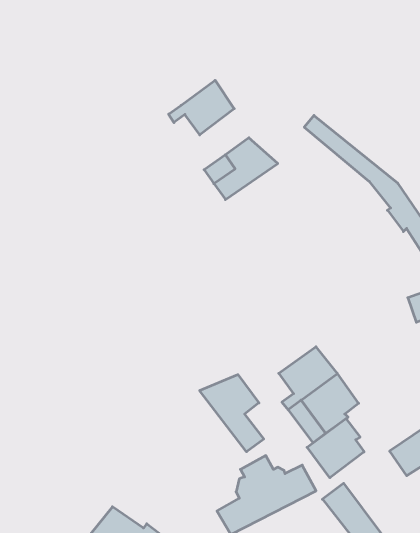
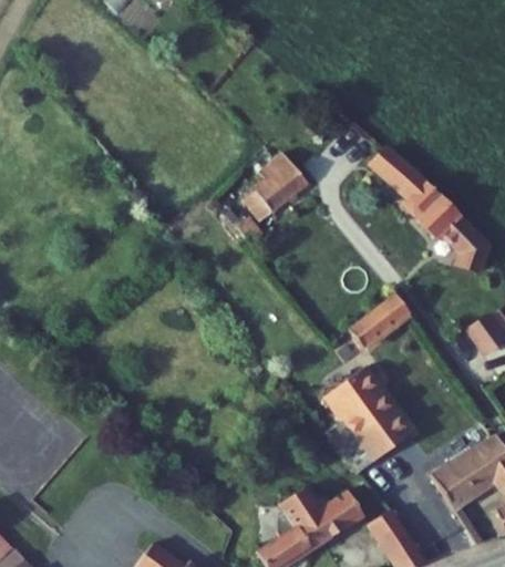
building: [169,80,234,135] -> none
building: none -> [361,293,418,343]
building: [200,375,264,452] -> none
building: [307,419,364,478] -> none

